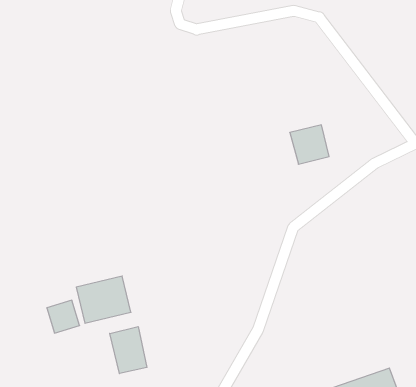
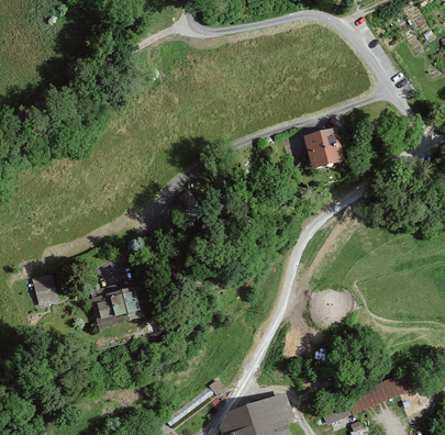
building: [47,300,80,333] -> [29,272,62,305]
building: [110,327,147,374] -> none

